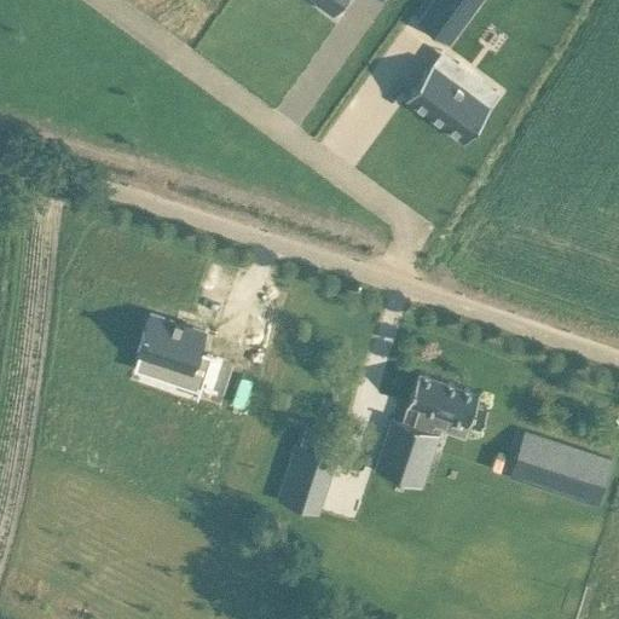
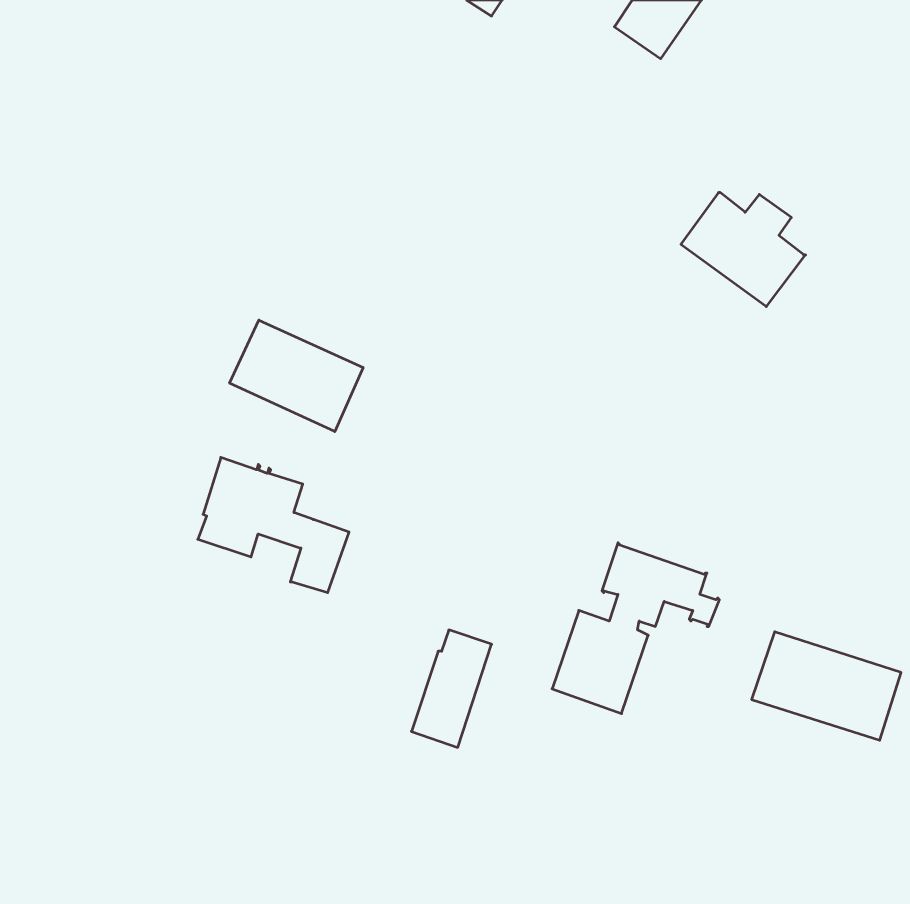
building: [406,64,491,141] -> [681,193,806,307]
building: none -> [230,320,363,432]

